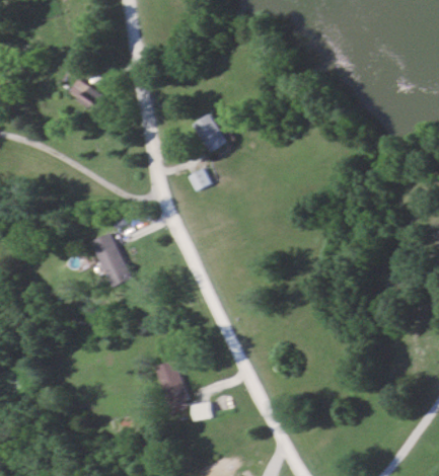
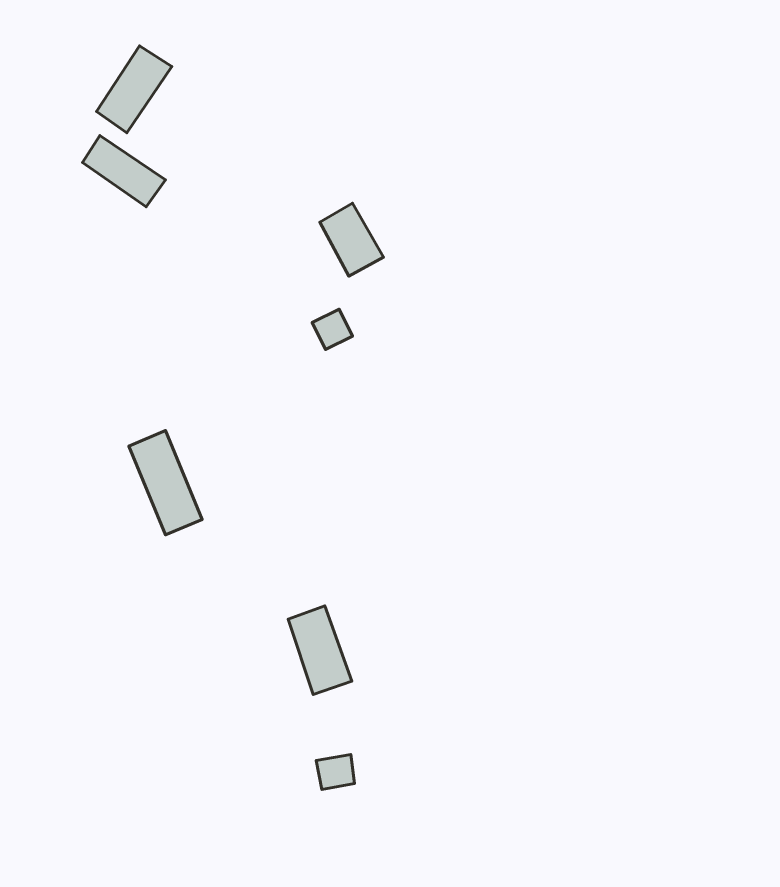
building: none -> [97,46,172,133]
building: [154,361,188,407] -> [288,606,352,695]

